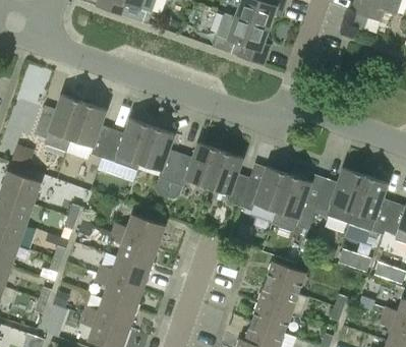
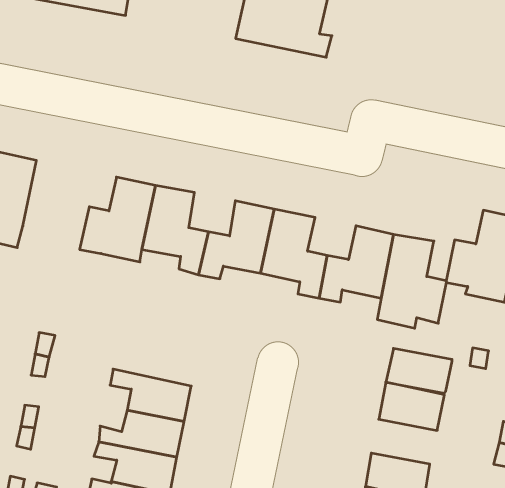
building: [70,102,111,158] -> none
building: [112,214,165,247] -> none
building: [257,282,298,312] -> [386,348,452,393]

